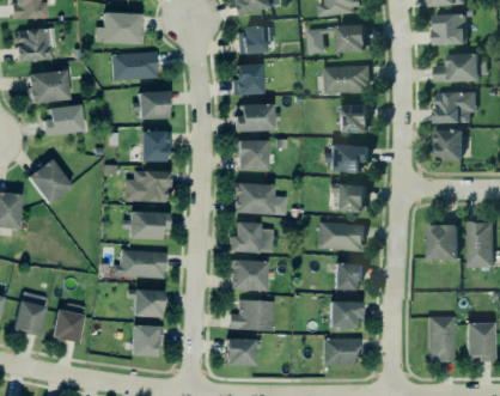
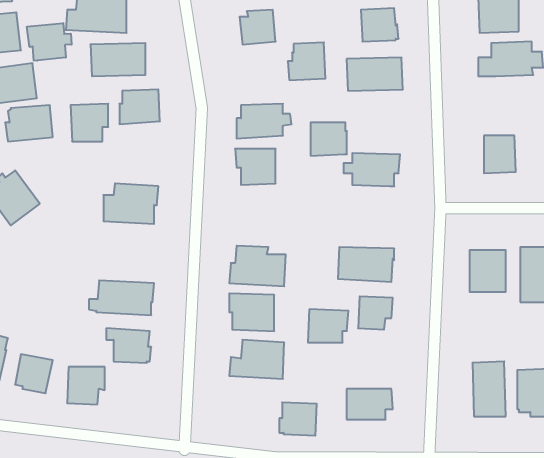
building: none -> [27,23,72,61]
building: [232,63,263,95] -> [288,42,325,80]
building: [435,91,478,122] -> none
building: [340,104,370,132] -> [311,122,347,156]
building: [142,130,173,162] -> [71,104,108,141]
building: [232,183,273,214] -> none
building: [330,183,366,211] -> none
building: [122,211,169,239] -> none
building: [329,300,362,328] -> [308,309,348,343]
building: [133,325,164,357] -> [67,367,105,404]
building: [224,339,255,366] -> [279,402,317,436]

